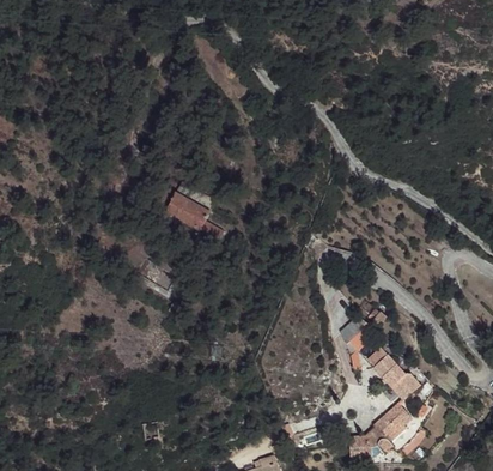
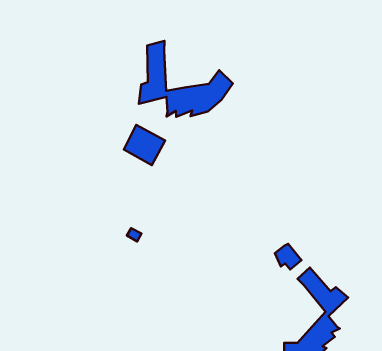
building: none -> [139,41,233,117]

